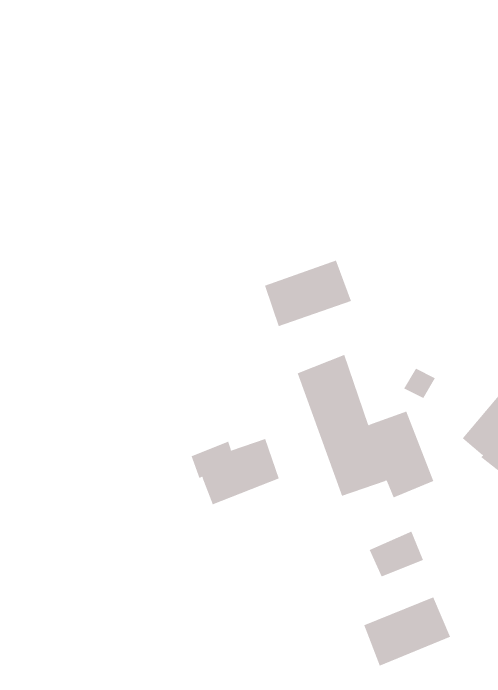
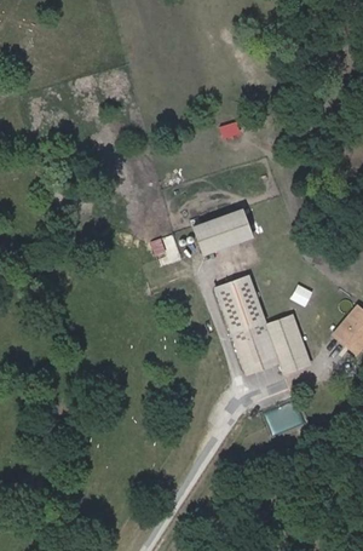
building: [191,438,279,505] -> none
building: [363,597,451,667] -> none

